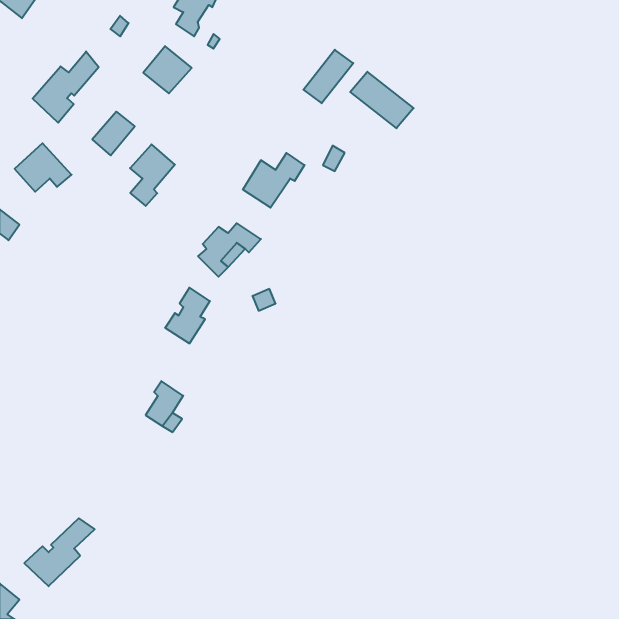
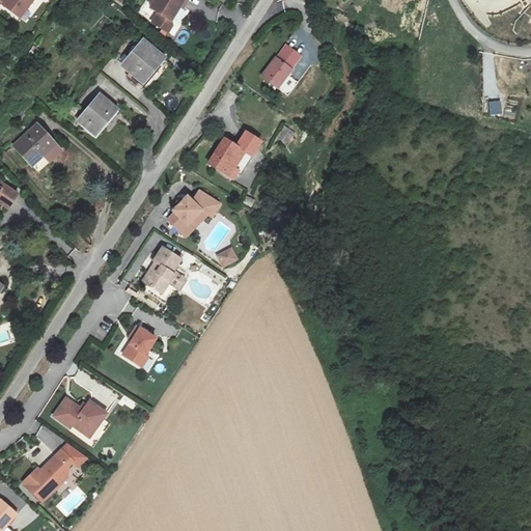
building: [33,51,99,123] -> none
building: [350,72,414,128] -> none
building: [130,144,175,206] -> none
building: none -> [52,397,107,437]

